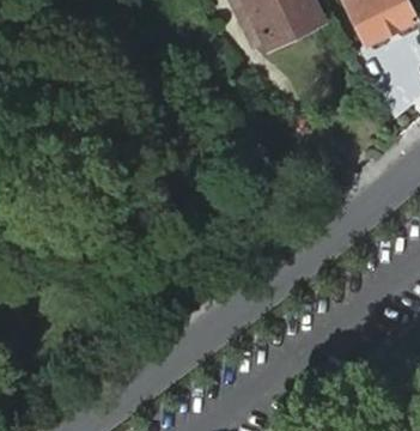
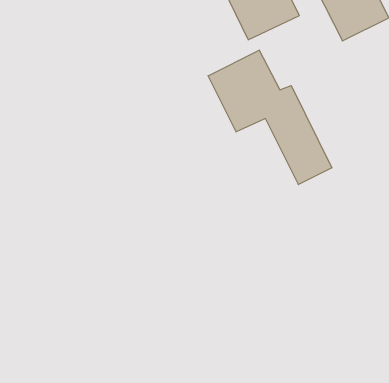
building: none -> [208,50,332,185]

